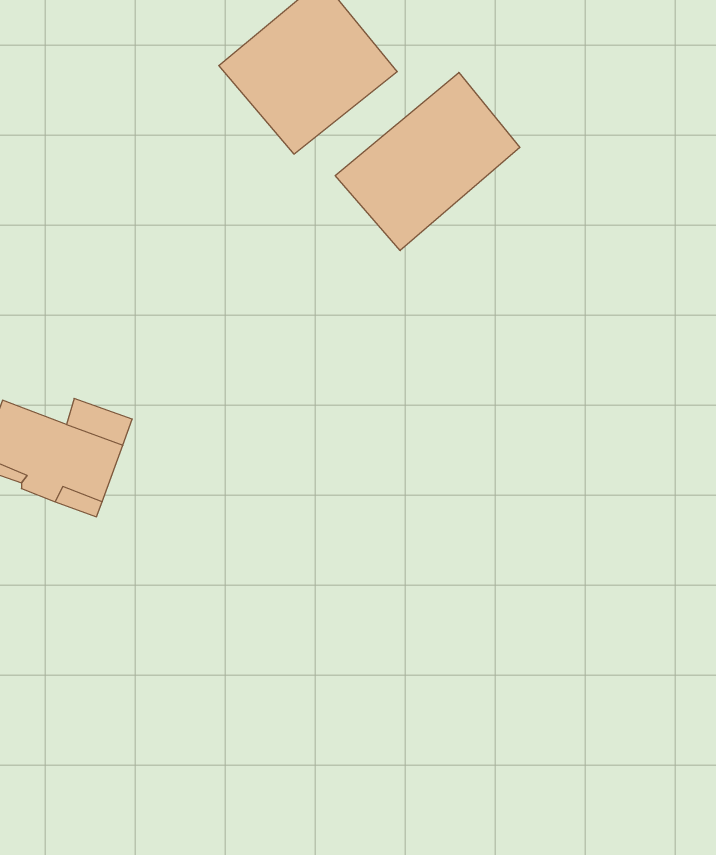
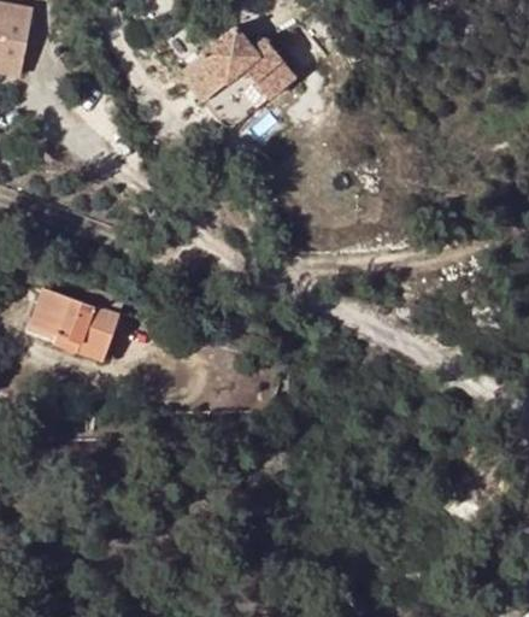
building: [335,72,520,251] -> none

